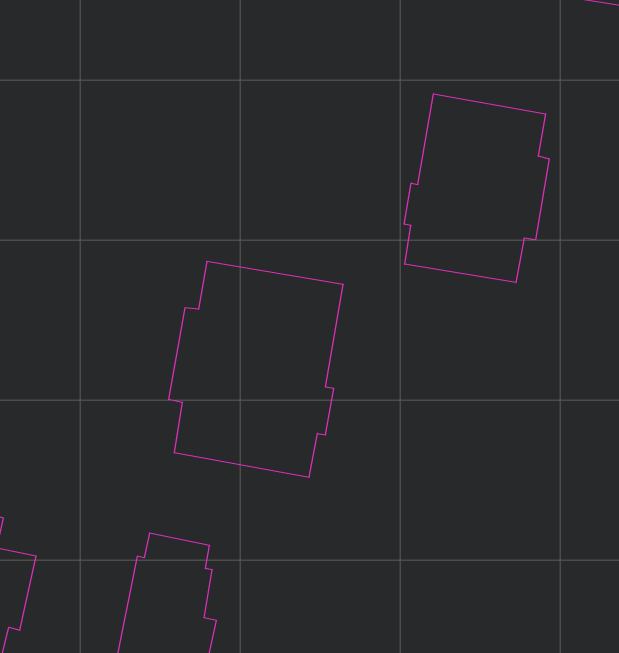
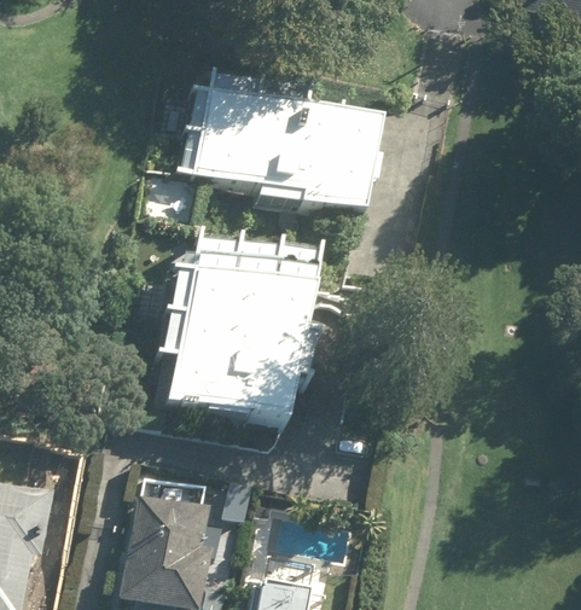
building: none -> [191,69,384,210]
building: [404,94,549,283] -> none

